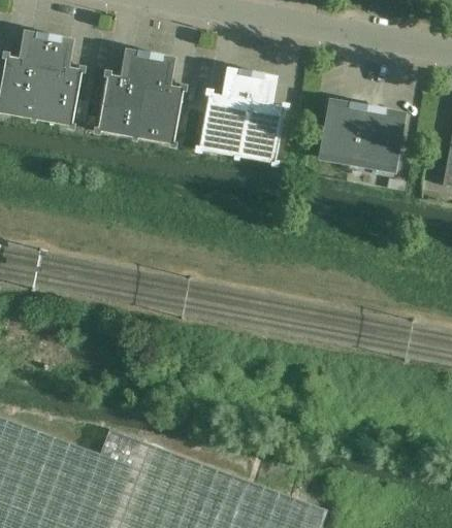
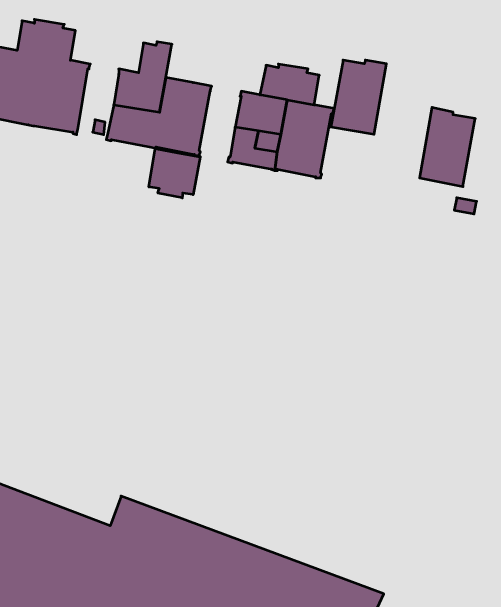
building: [146,54,172,86] -> none
building: [321,103,367,165] -> [331,60,386,134]
building: none -> [149,149,200,198]

